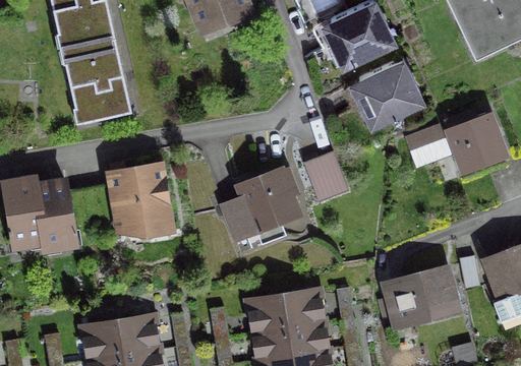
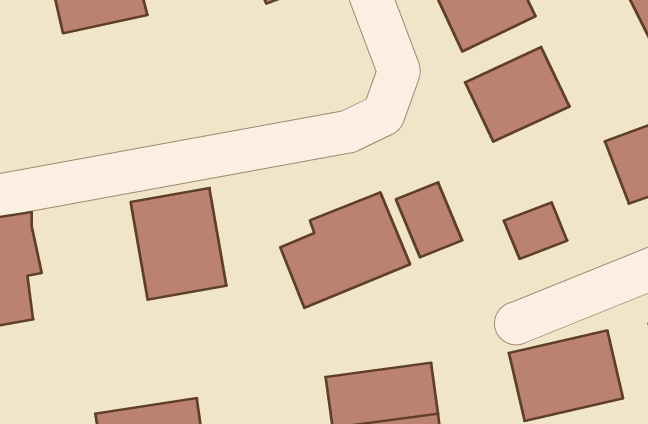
building: [58,36,135,126] -> none
building: [404,125,450,166] -> [504,202,567,259]
building: [33,182,78,262] -> none

